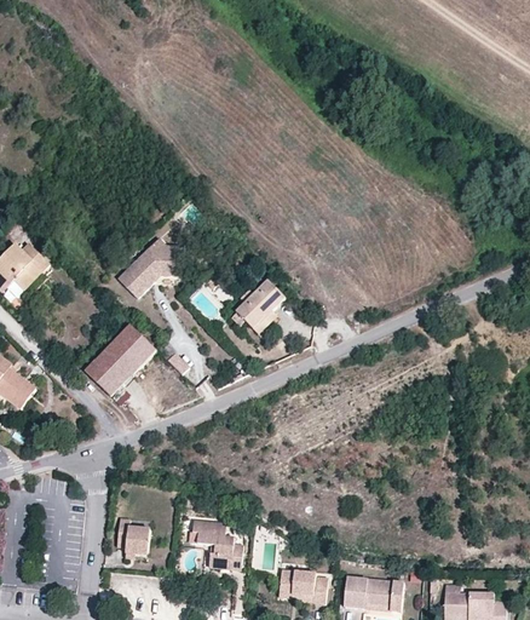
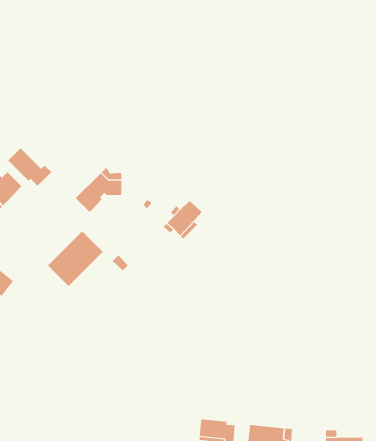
building: none -> [7,148,53,186]
building: [117,518,151,555] -> none
building: [192,521,243,569] -> none

